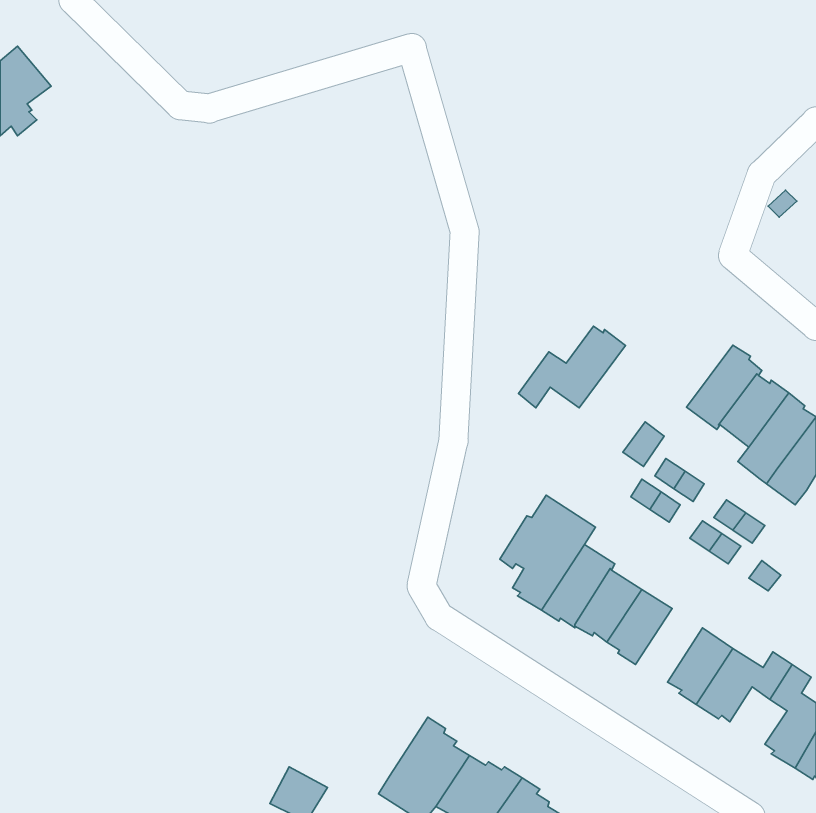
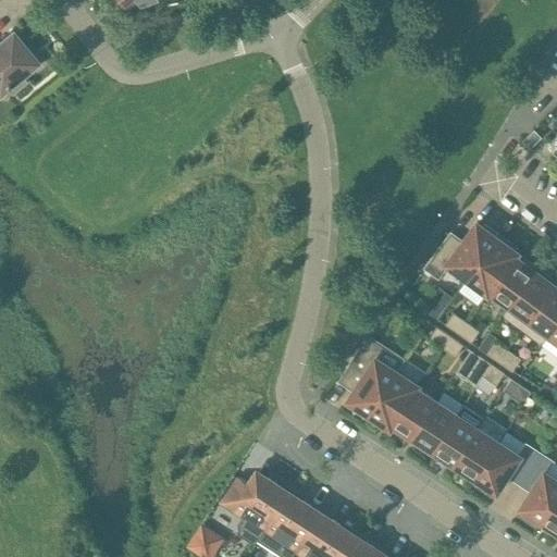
building: [518,326,625,408] -> [426,224,499,280]
building: none -> [433,408,484,467]
building: none -> [224,475,292,546]

